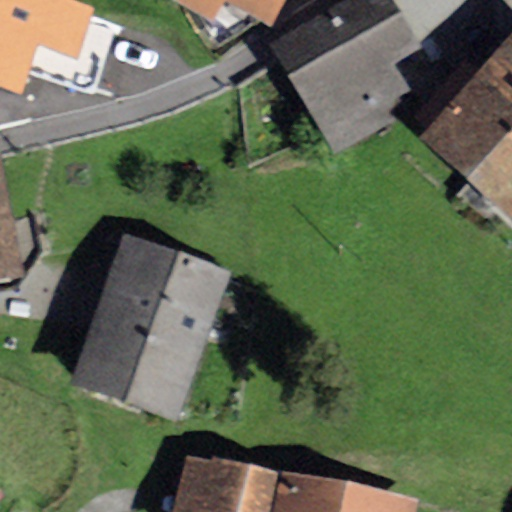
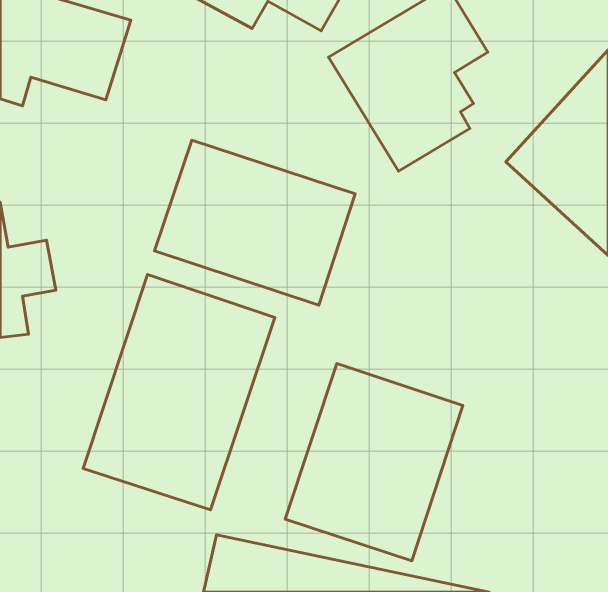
building: none -> [155,140,355,305]
building: none -> [285,363,463,561]

